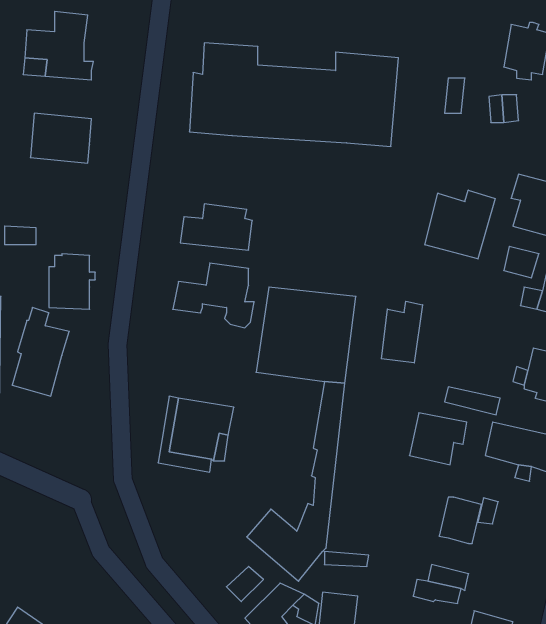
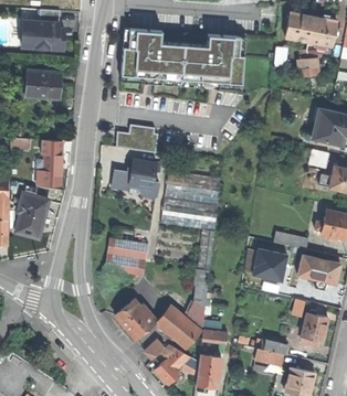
building: none -> [286,10,313,45]
building: [425,190,495,259] -> none
building: [381,301,423,363] -> none
building: [439,497,482,543] -> [302,312,327,340]
building: none -> [113,300,153,340]

